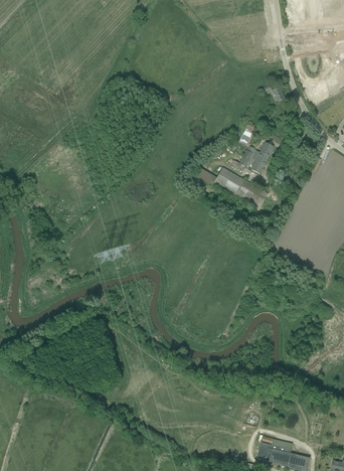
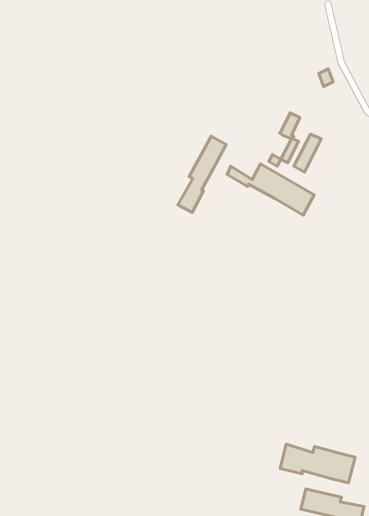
building: none -> [178,136,226,212]
building: none -> [280,444,355,483]

